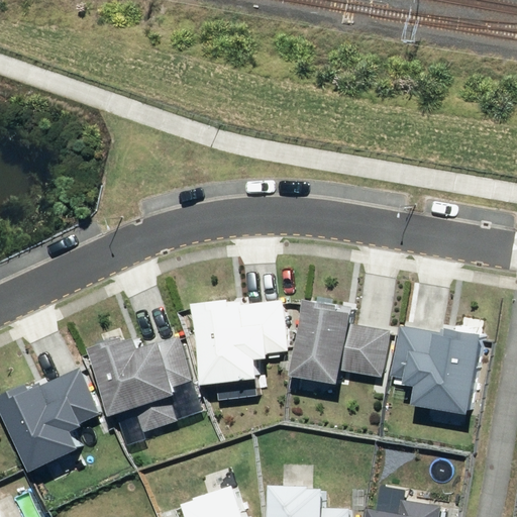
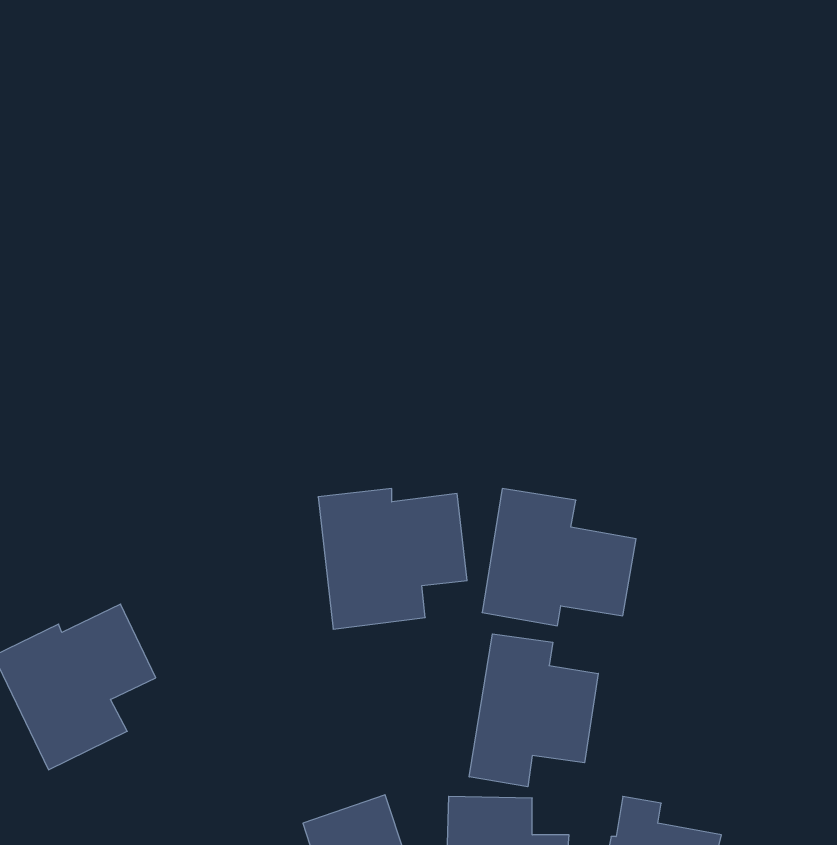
building: [386,326,479,413] -> none
building: [88,336,186,432] -> none
building: none -> [469,634,598,787]

